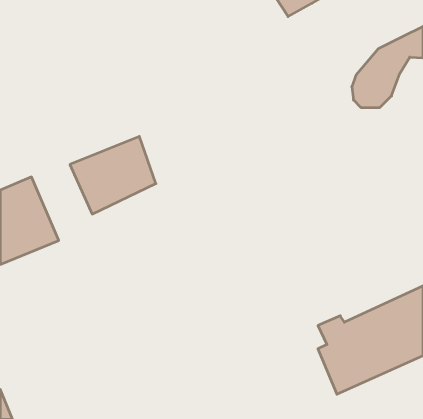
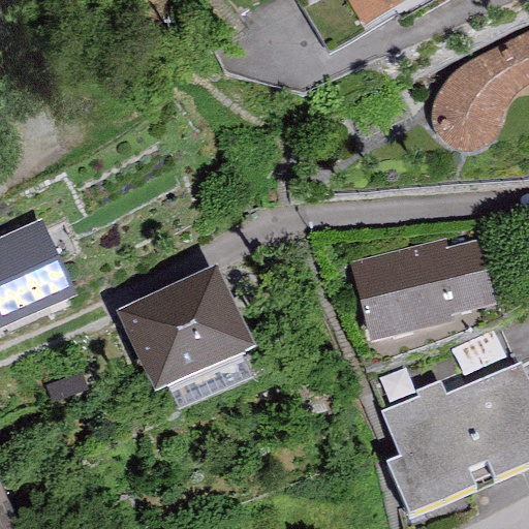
building: [70,136,156,214] -> [124,282,231,379]
building: none -> [355,248,487,326]

